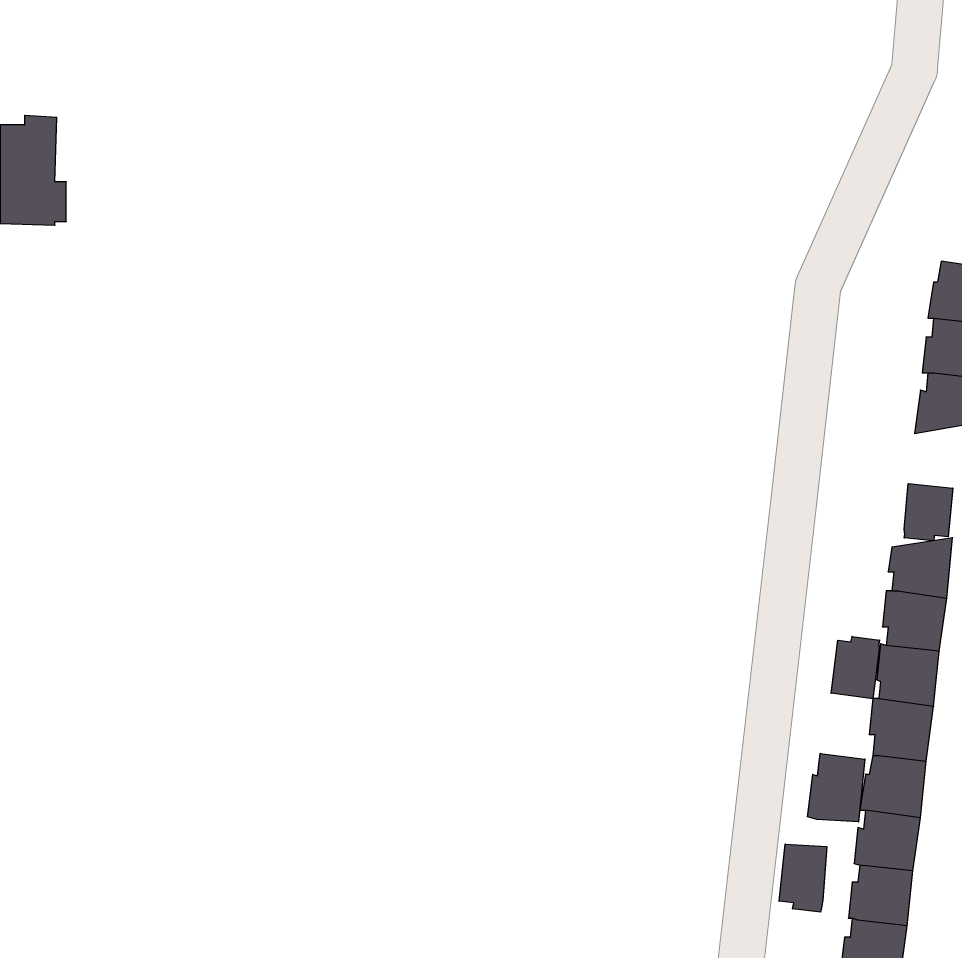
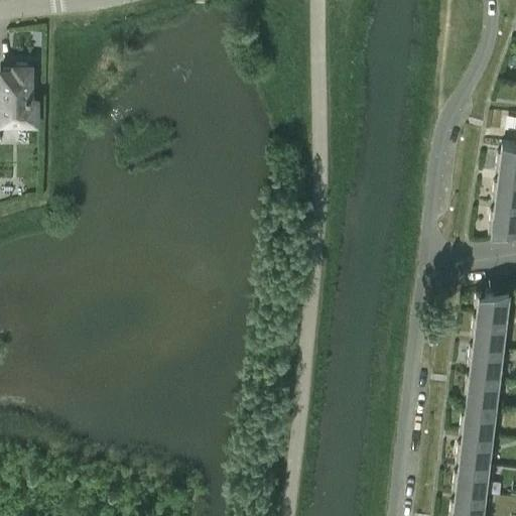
building: [904,484,953,541] -> none
building: [831,636,880,699] -> none
building: [807,753,865,822] -> none
building: [779,844,827,912] -> none

